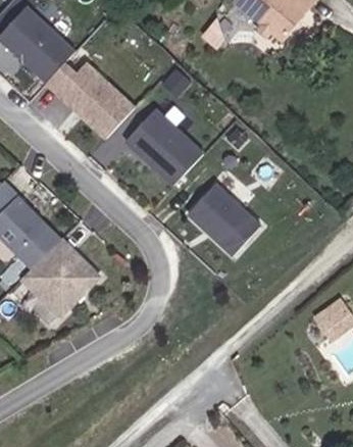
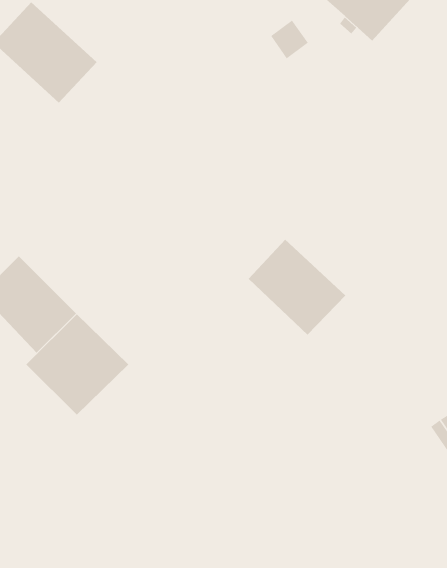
building: [45,63,134,139] -> none
building: [123,108,201,185] -> none

